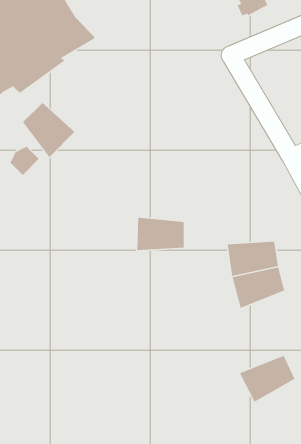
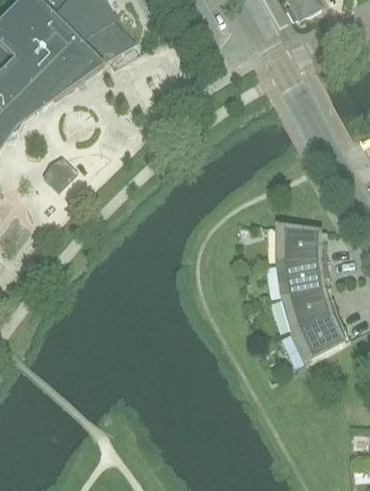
building: [22,102,75,158] -> none
building: [137,217,185,251] -> [275,226,327,263]
building: [239,355,295,403] -> [290,313,350,364]

